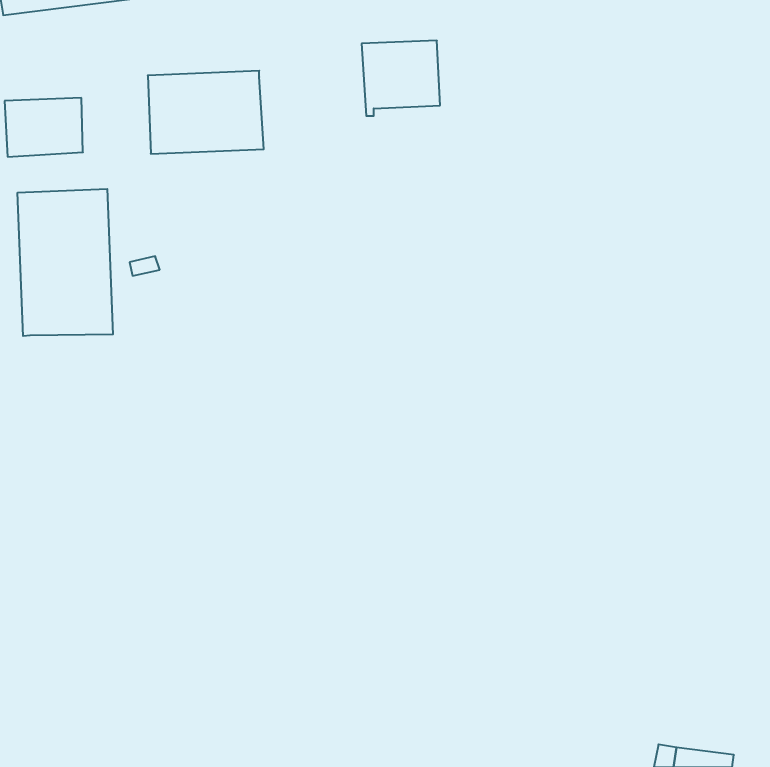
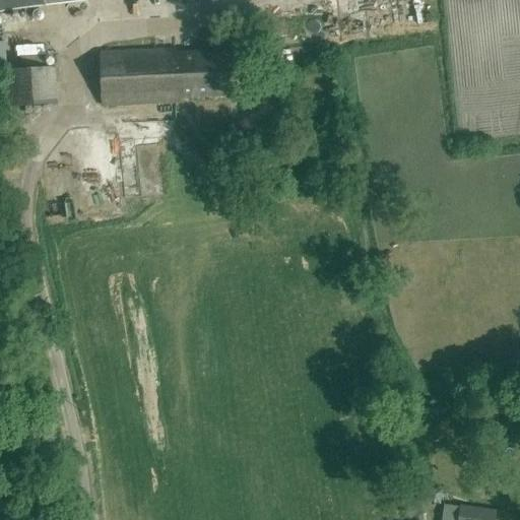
building: [362,41,440,116] -> [175,50,228,101]
building: [18,189,113,336] -> none

